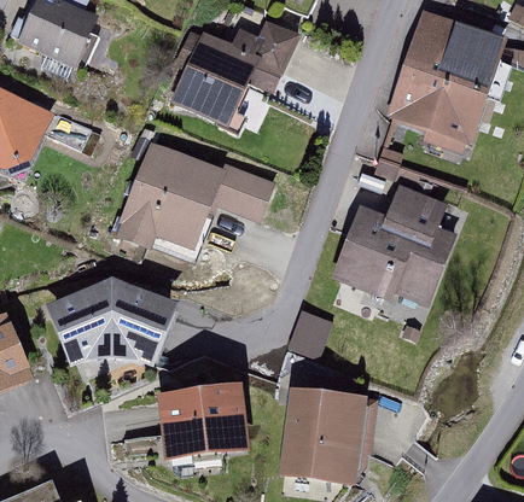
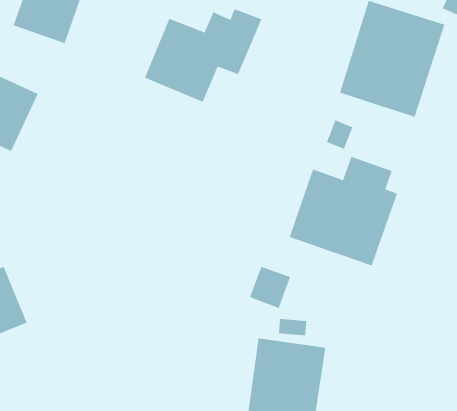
building: [112,138,272,258] -> none
building: [41,281,175,368] -> none
building: [156,387,249,461] -> none

